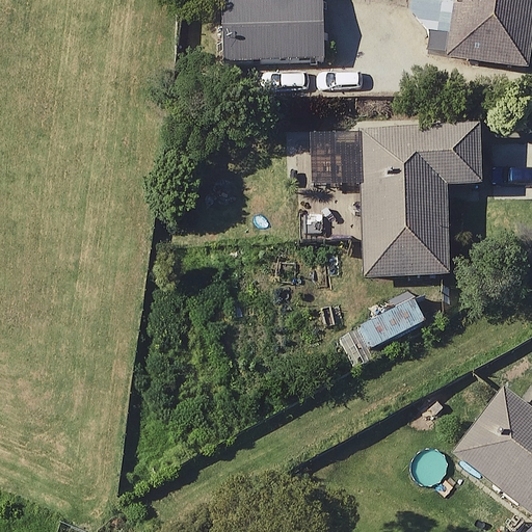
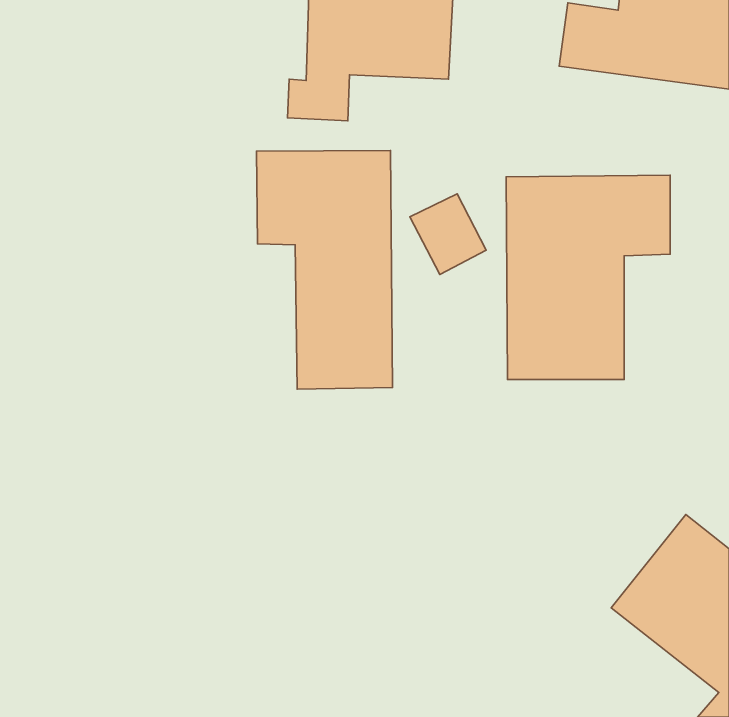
building: none -> [256,151,392,389]

